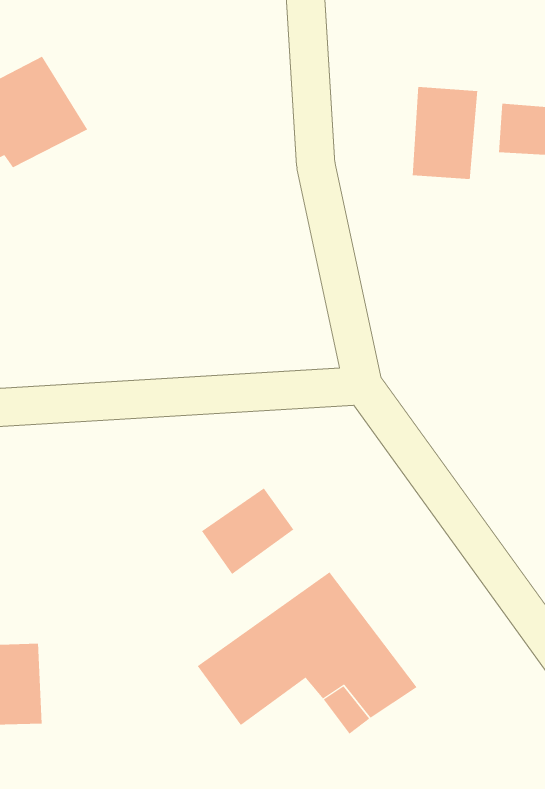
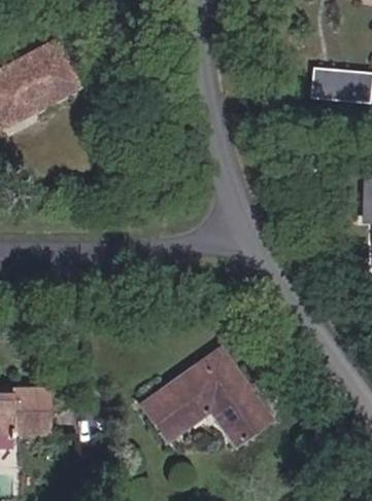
building: [412,86,478,180] -> none
building: [201,487,294,575] -> none

